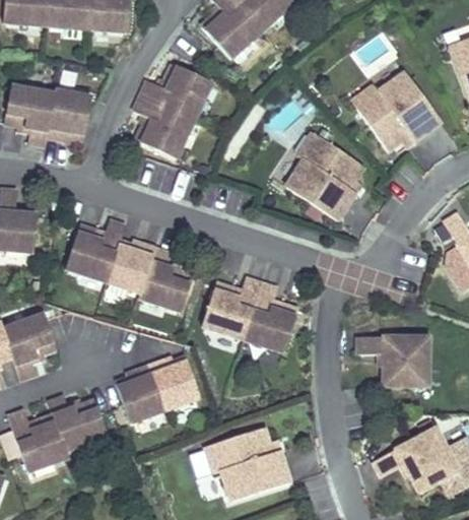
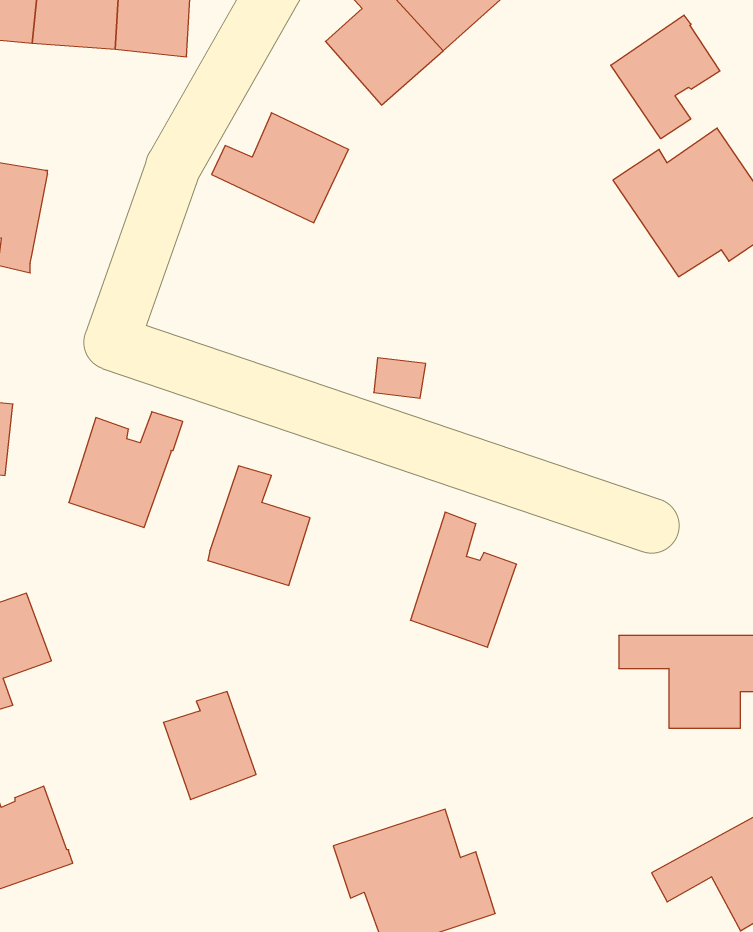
building: none -> [611,15,720,139]
building: [46,94,91,144] -> none
building: [134,94,195,158] -> none
building: [285,133,362,221] -> none
building: [106,241,155,292] -> none
building: [204,267,264,329] -> none
building: [149,359,200,410] -> none
building: [48,396,108,451] -> none

